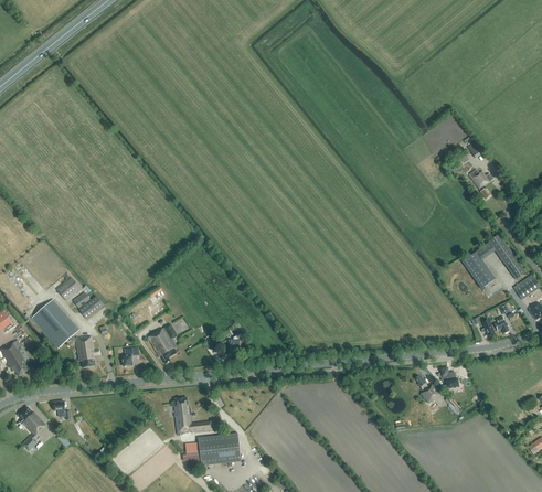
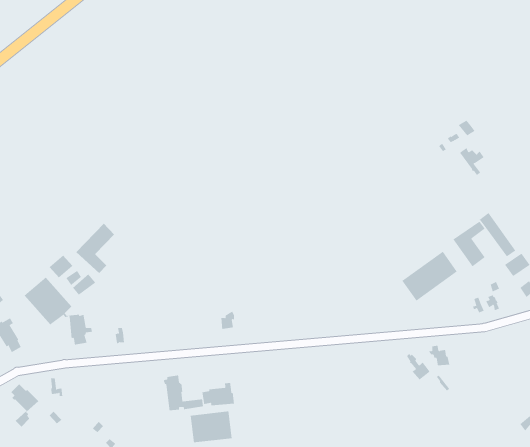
building: none -> [75,223,115,274]
building: none -> [402,251,458,302]
building: [148,323,177,364] -> none
building: none -> [202,382,234,406]

